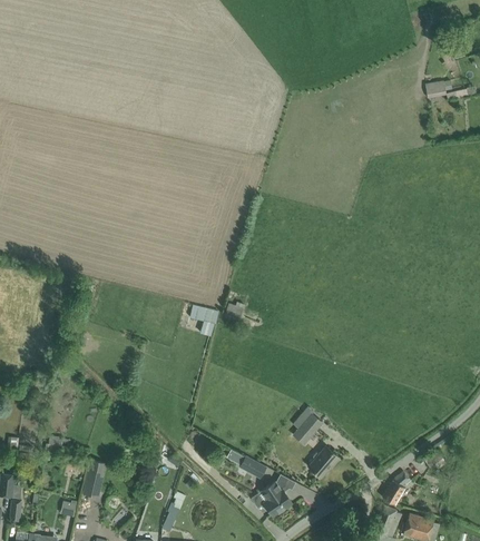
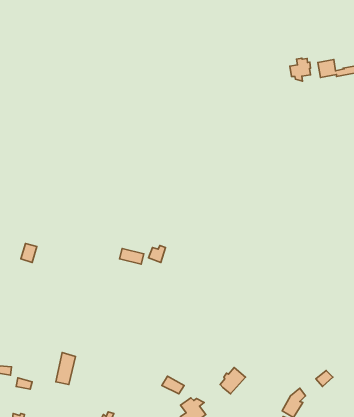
building: none -> [290,58,311,81]
building: [291,409,322,446] -> none
building: [82,460,106,498] -> [56,353,75,385]

